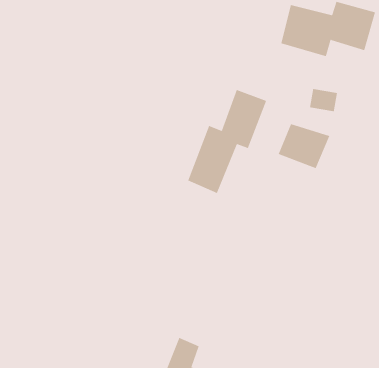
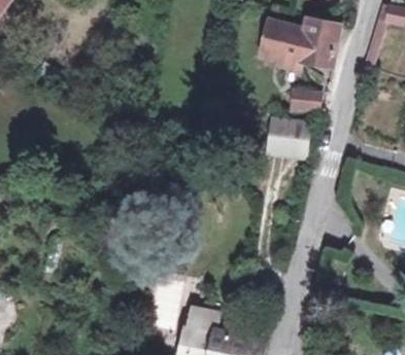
building: [188,89,267,194] -> none

